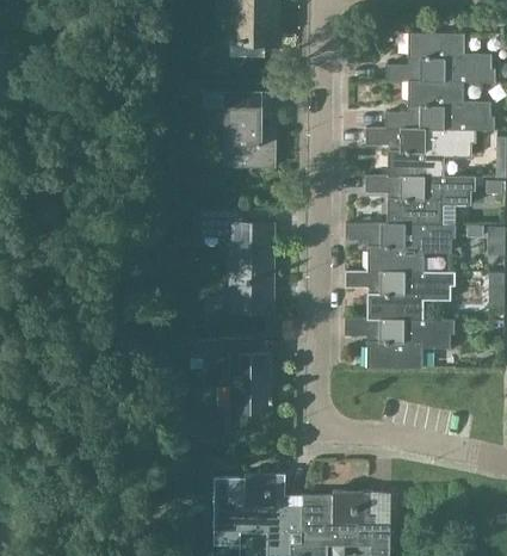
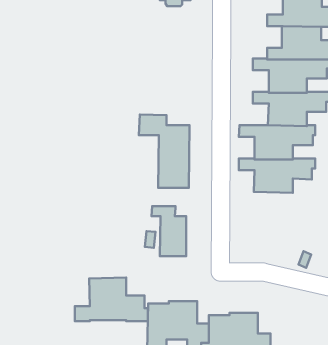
building: [204,93,276,167] -> none
building: [346,320,456,369] -> none
building: none -> [75,278,148,321]

